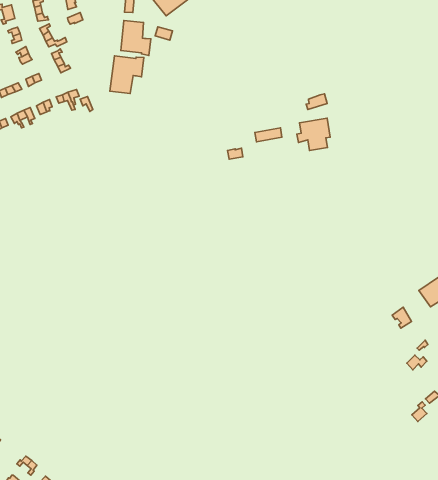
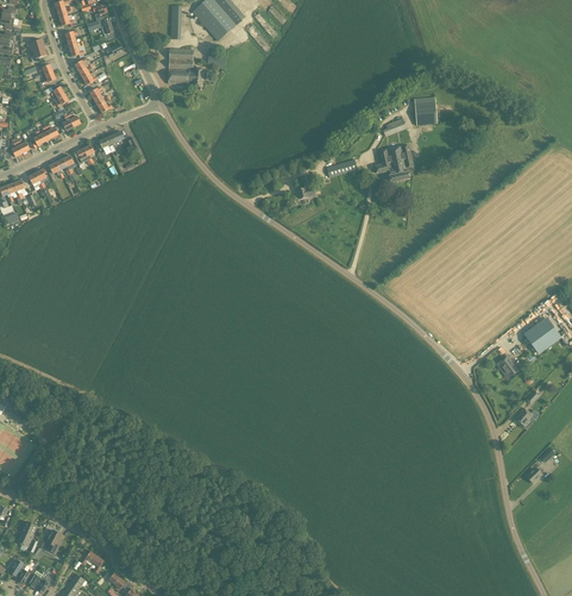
building: [110,56,144,93] -> none
building: none -> [415,96,438,126]

